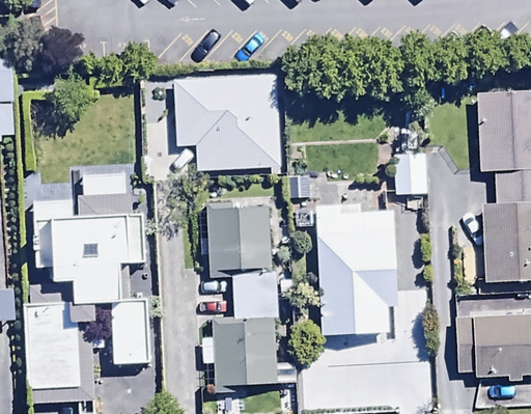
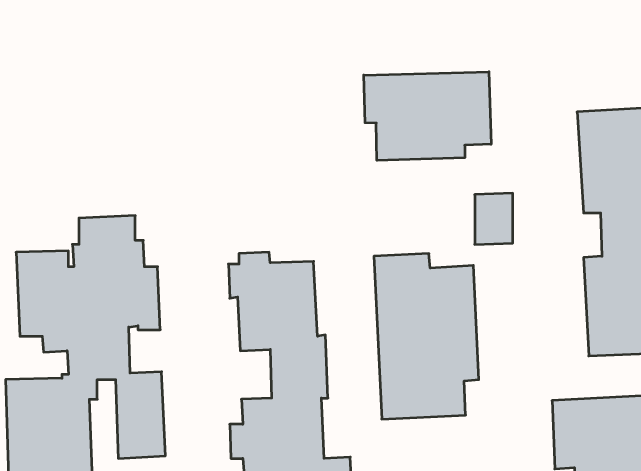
building: none -> [364,72,491,160]
building: [173,75,281,173] -> none

